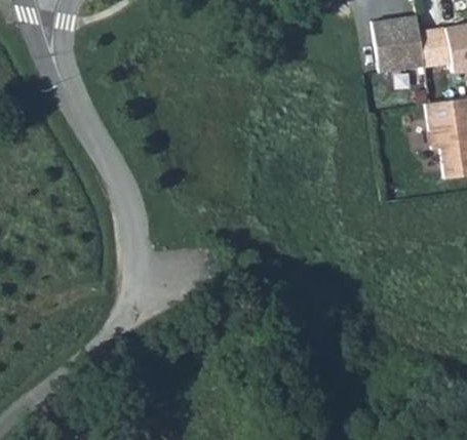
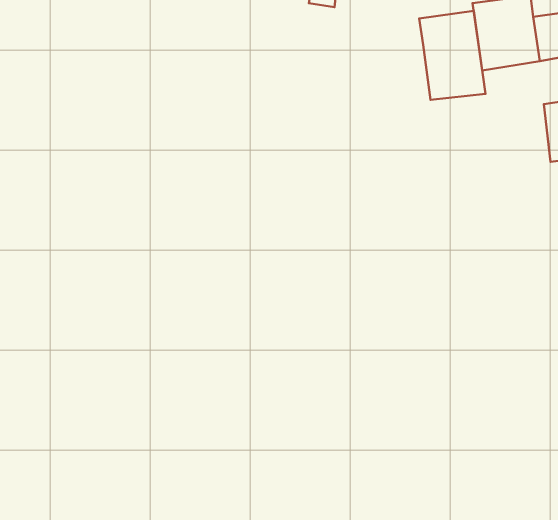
building: none -> [419,11,485,100]

